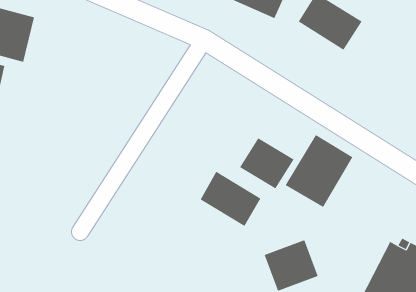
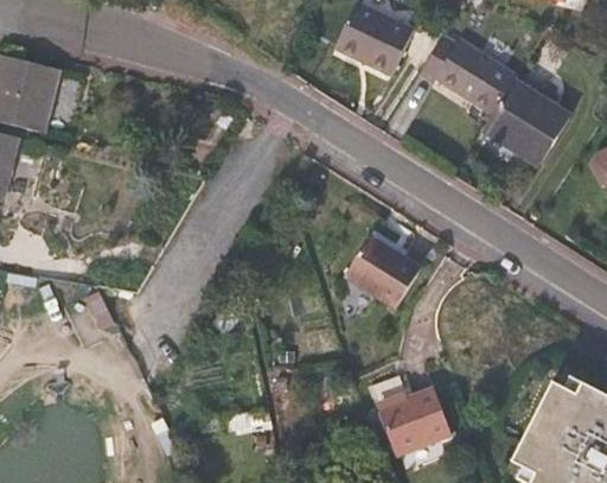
building: none -> [487,77,570,161]
building: [285,134,353,208] -> none
building: [200,171,261,227] -> none

